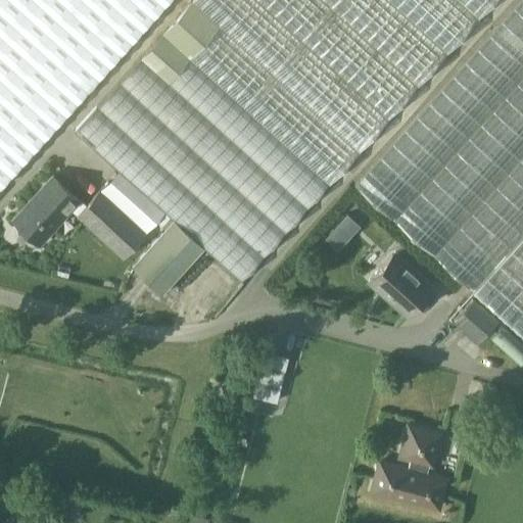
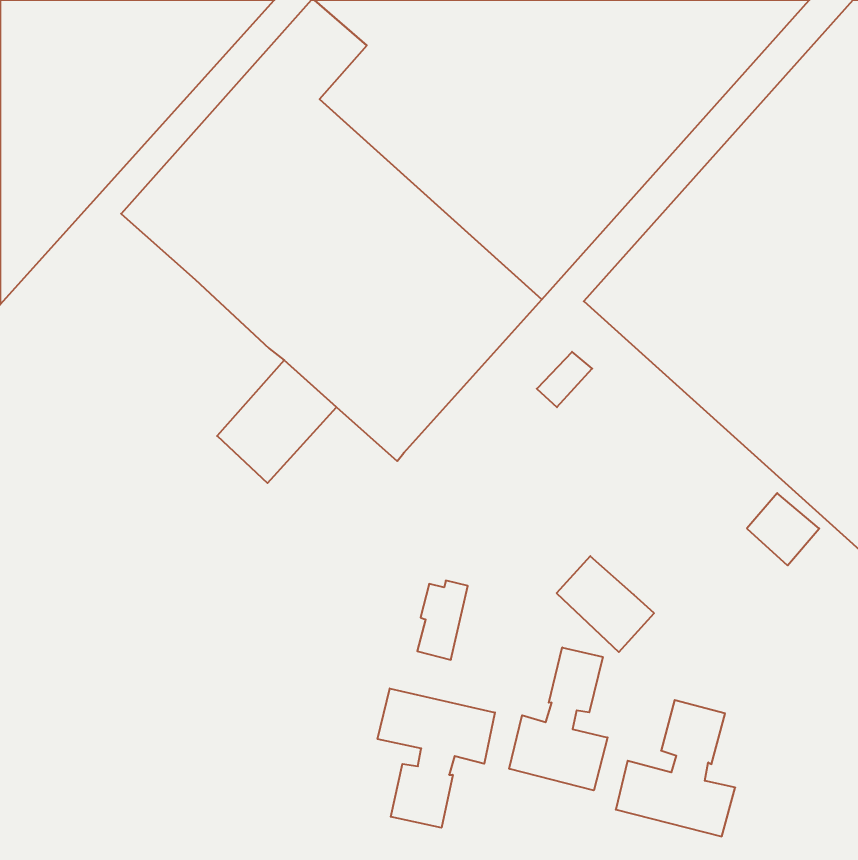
building: [14,170,164,256] -> none
building: [372,253,431,312] -> [557,556,654,652]
building: none -> [509,647,608,790]
building: none -> [378,688,495,828]

